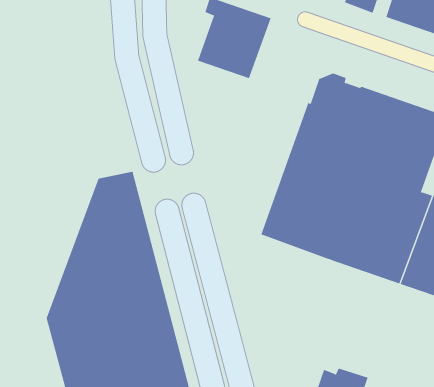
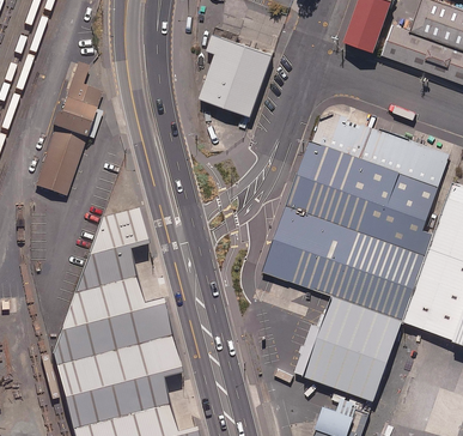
building: none -> [36,63,104,198]
building: none -> [293,296,400,401]

